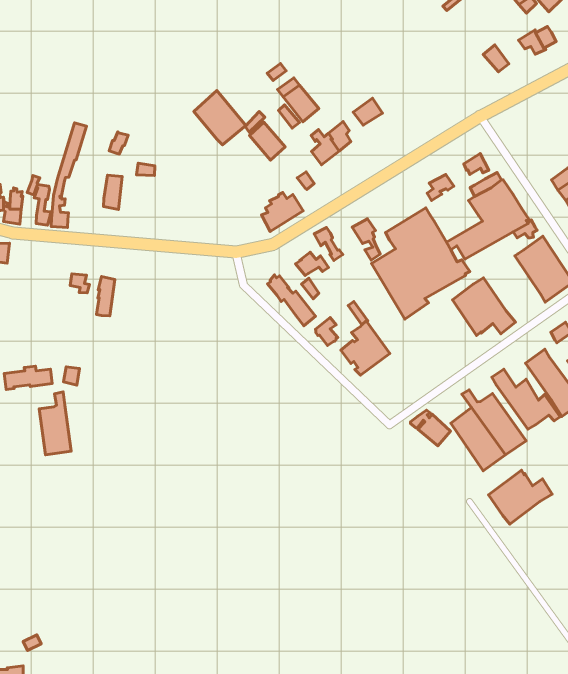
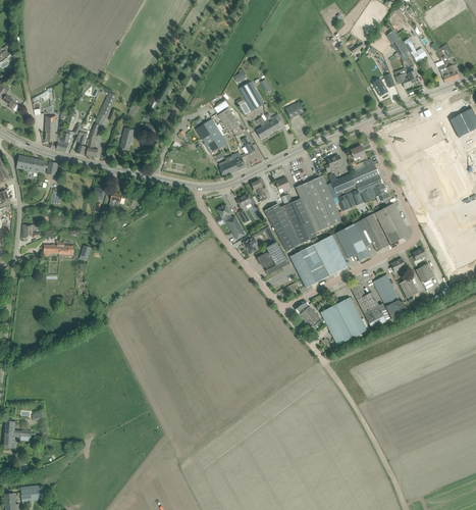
building: [194,91,246,145] -> [196,118,227,153]
building: none -> [327,173,358,198]
building: none -> [354,213,388,249]
building: none -> [264,203,301,250]
building: none -> [289,235,348,288]
building: [39,392,71,455] -> none
building: [489,470,552,524] -> none

